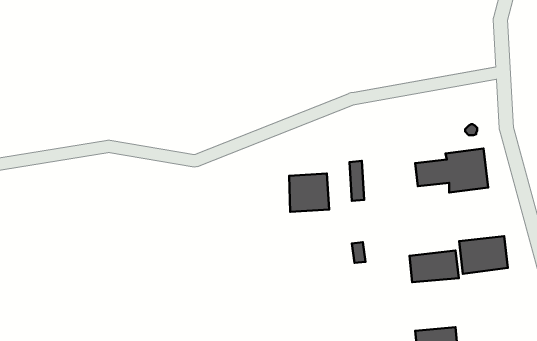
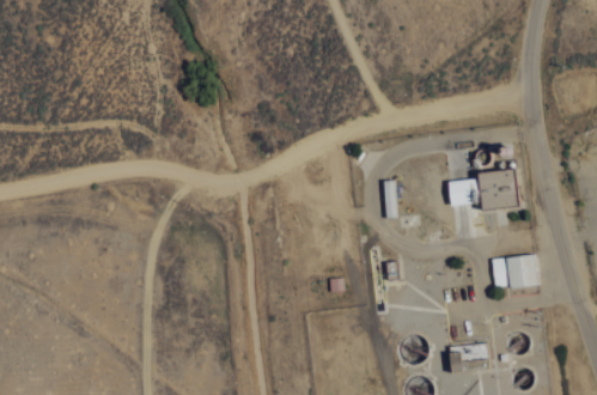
building: [289,173,329,212] -> none
building: [410,251,459,282] -> none

